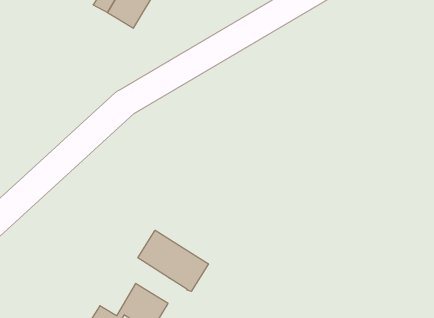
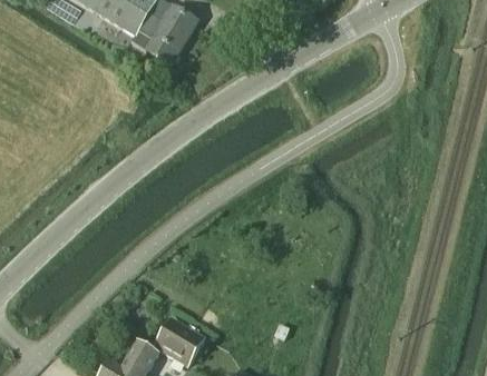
building: [138,230,208,291] -> none

